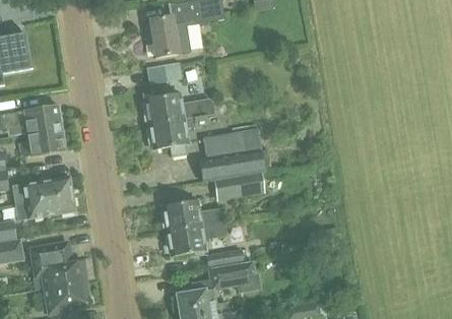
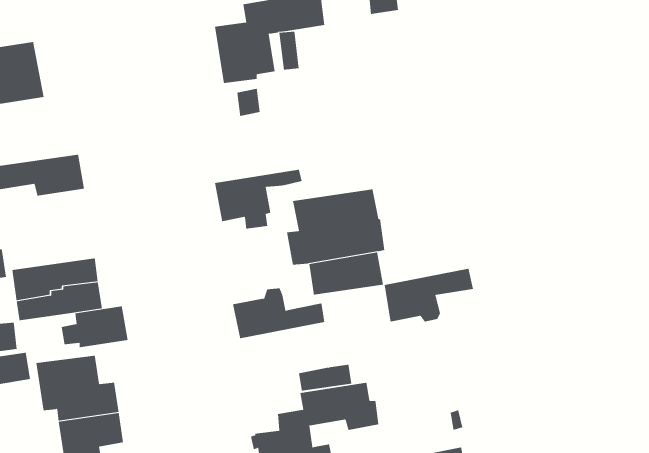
building: [144,90,213,125] -> none
building: [19,129,65,157] -> [61,306,129,348]
building: [166,219,227,256] -> [384,268,474,322]

